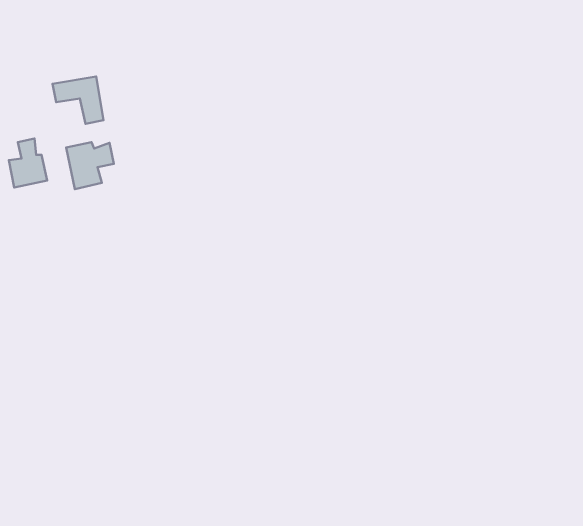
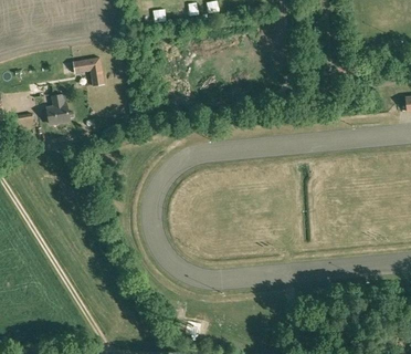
building: [66,142,114,189] -> none

